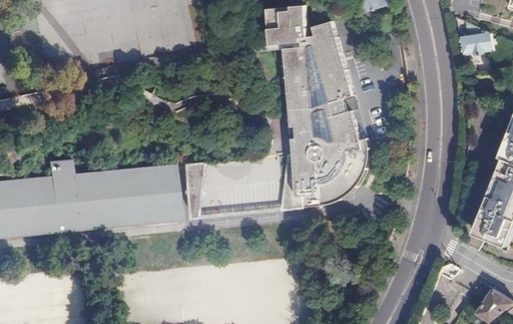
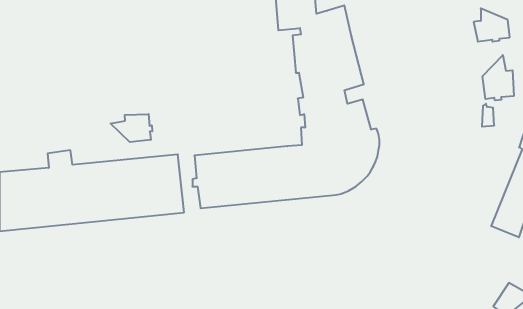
building: none -> [483,55,514,100]
building: none -> [111,114,152,142]

